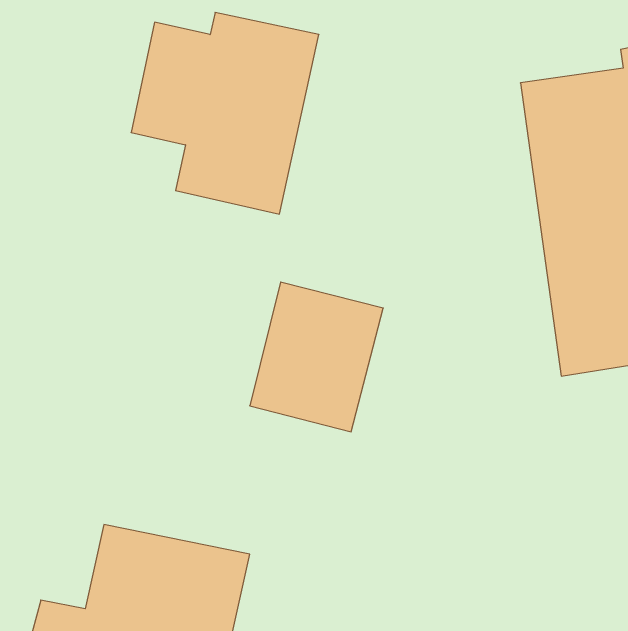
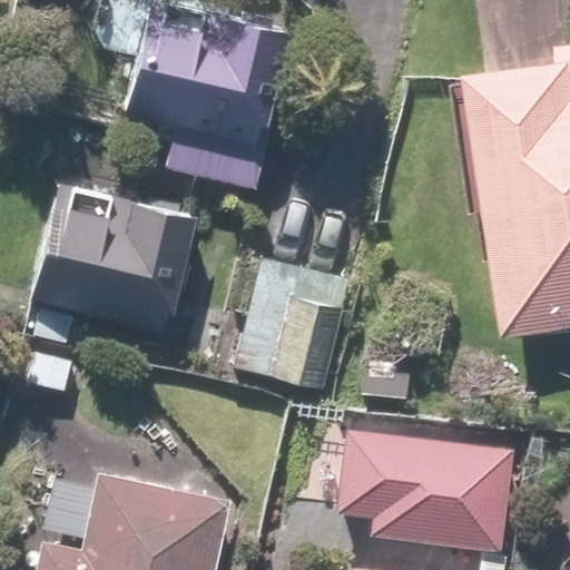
building: none -> [29,180,198,334]
building: none -> [333,428,515,551]

